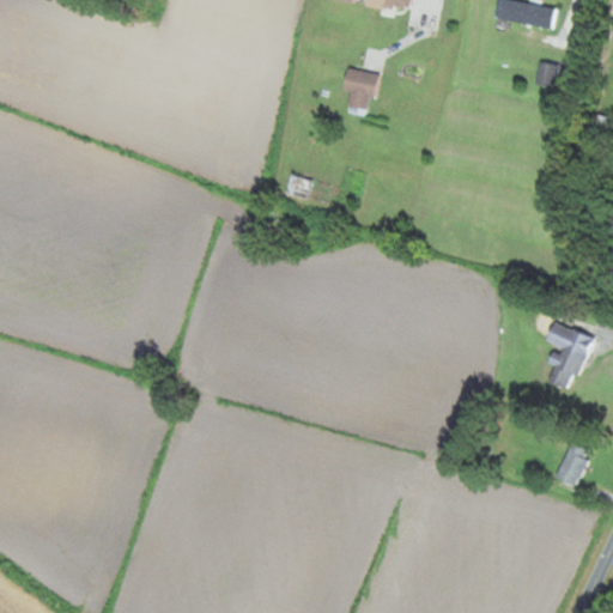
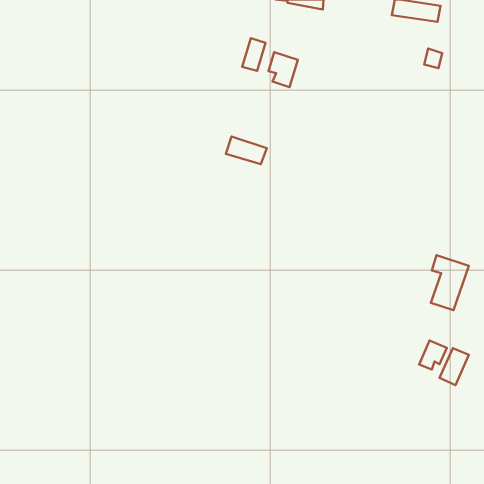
building: none -> [242,38,265,71]
building: none -> [419,341,447,370]

